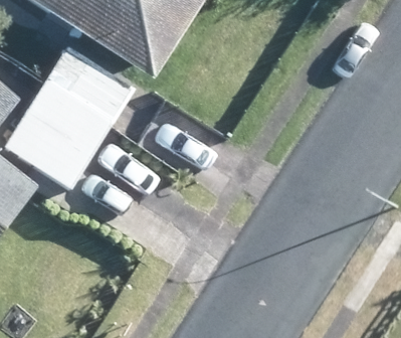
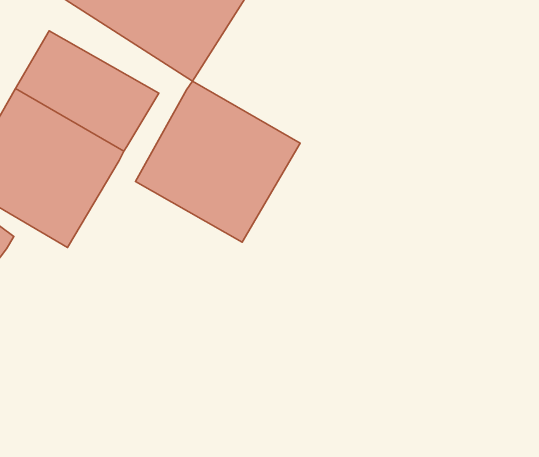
building: none -> [135,81,300,242]

